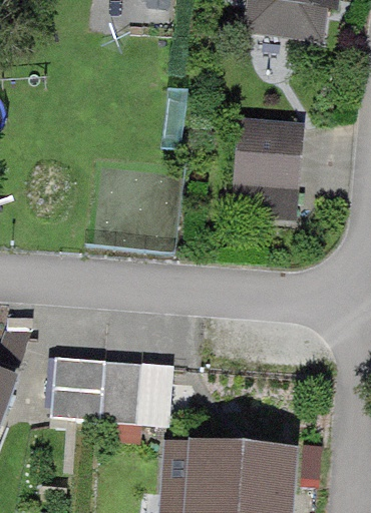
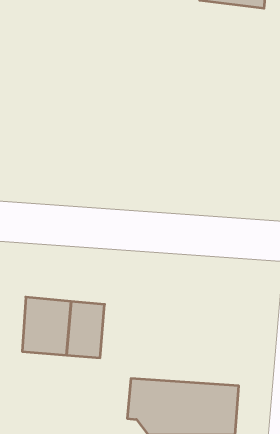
building: [234,122,302,211] -> none

